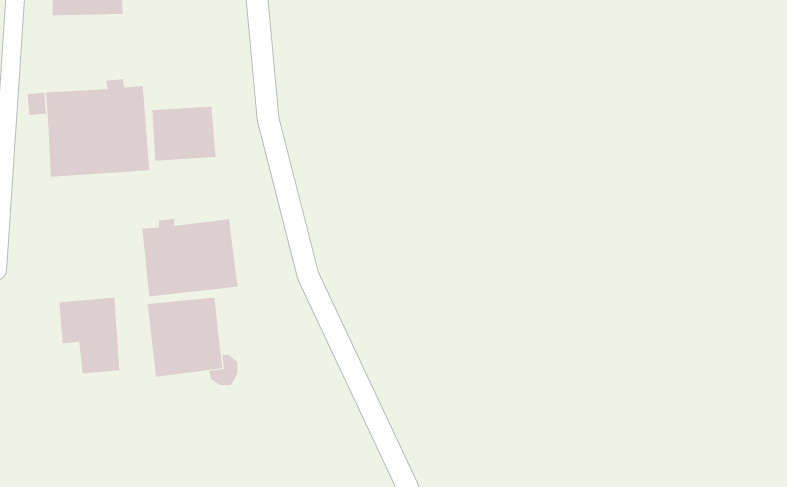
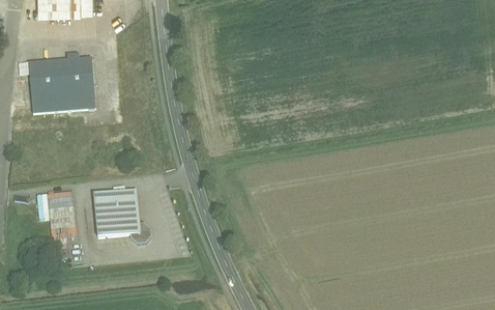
building: [152,106,216,161] -> none
building: [142,218,238,297] -> none

